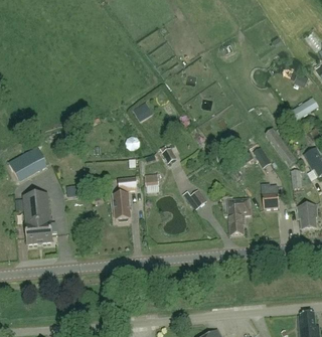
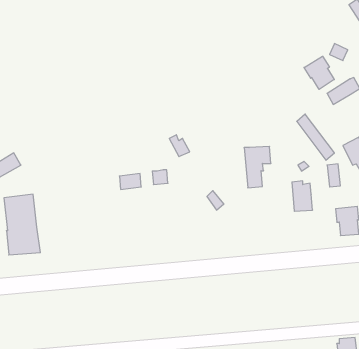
building: none -> [304,56,334,89]
building: [113,192,131,220] -> none
building: [228,199,251,233] -> [244,146,271,188]

